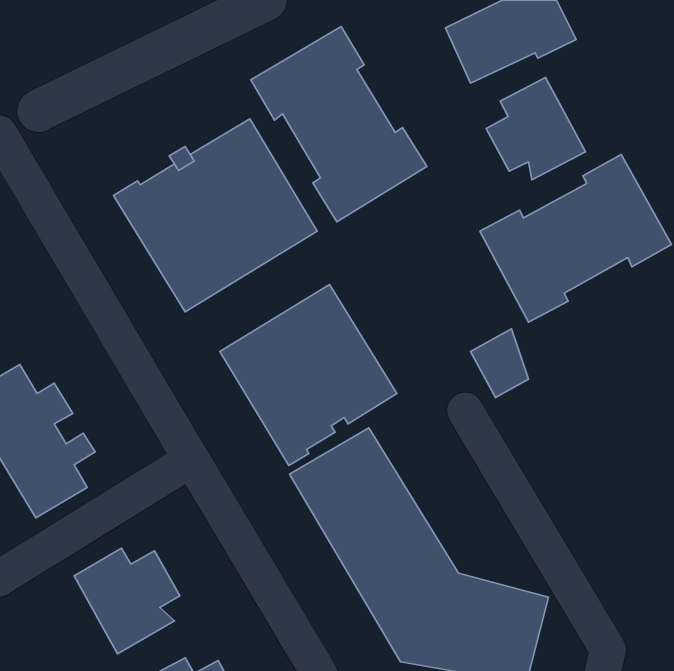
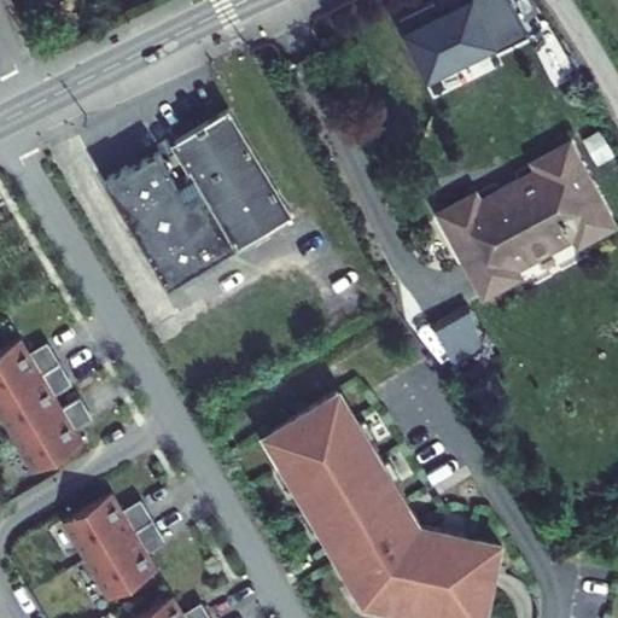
building: [251,26,427,222] -> none
building: [486,78,586,180] -> none
building: [220,285,397,466] -> none

